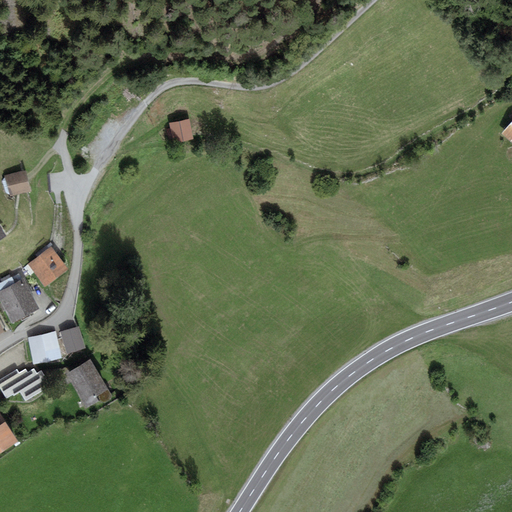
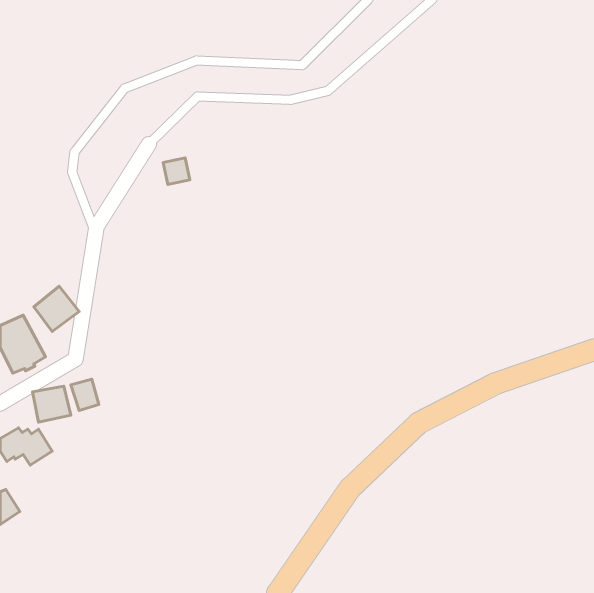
building: [169,118,192,141] -> [163,158,190,184]
building: [5,169,30,195] -> none
building: [65,358,111,408] -> none

